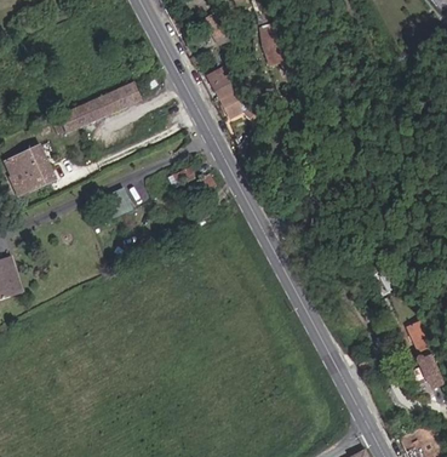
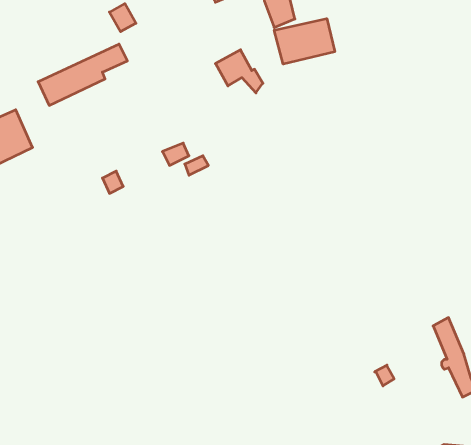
building: none -> [274,19,335,64]
building: [204,70,237,99] -> none

